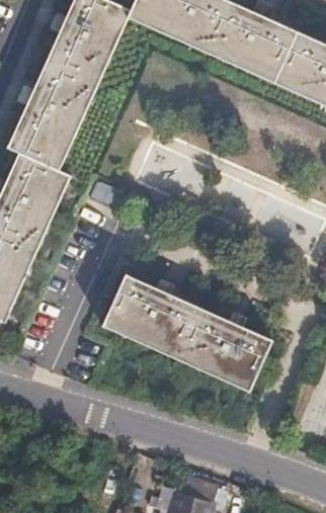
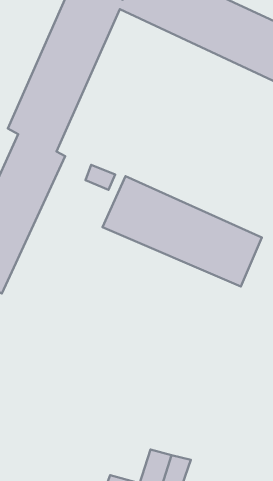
building: [101,275,269,392] -> [103,176,262,287]

